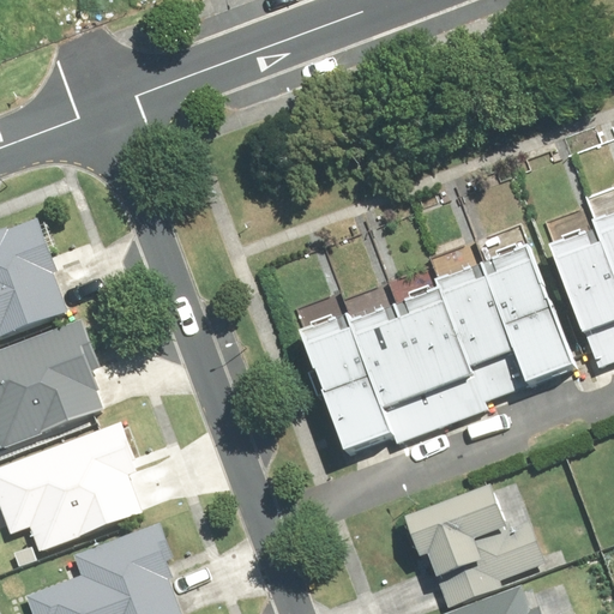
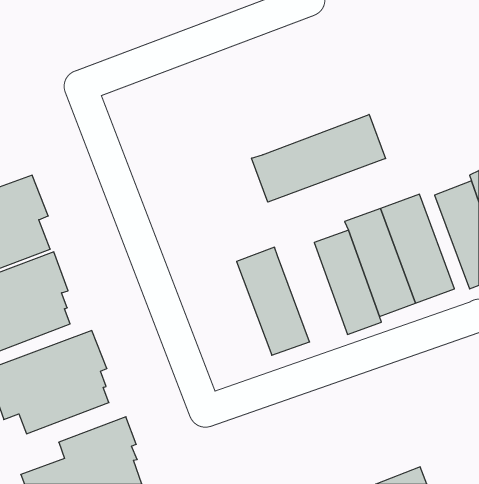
building: none -> [252,114,386,202]
building: [351,307,440,440] -> none
building: [408,482,546,608] -> none

